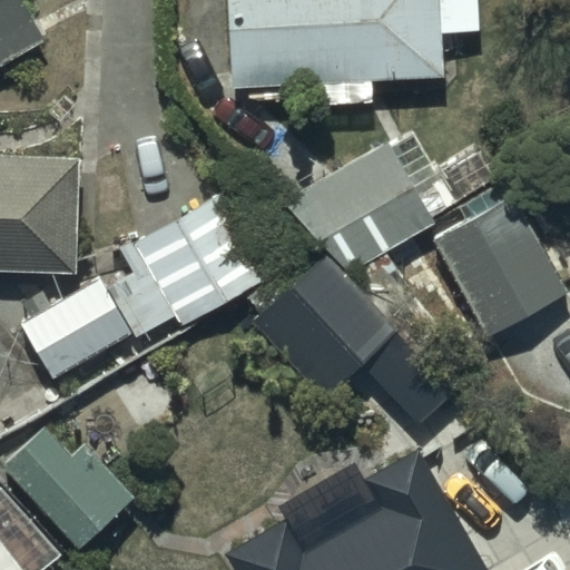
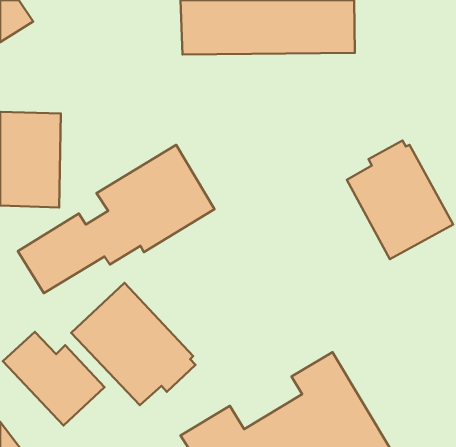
building: [281,142,434,273] -> none
building: [255,256,451,426] -> none
building: none -> [71,283,196,405]

